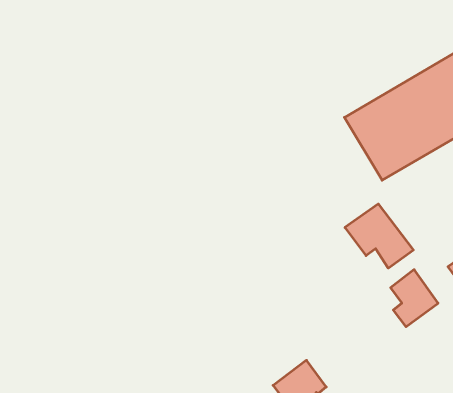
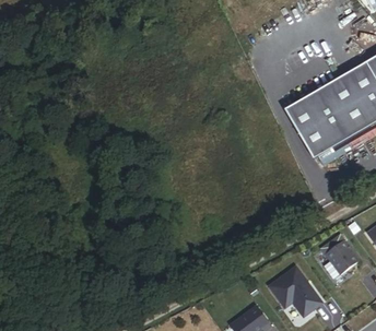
building: [345,204,413,268] -> [269,265,322,316]

